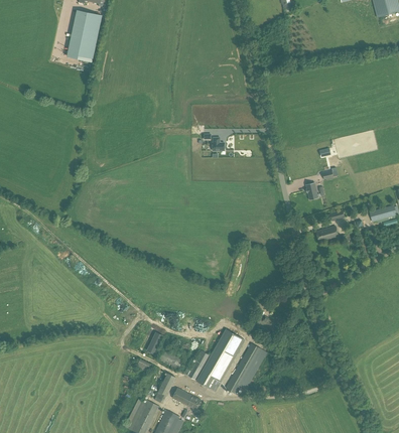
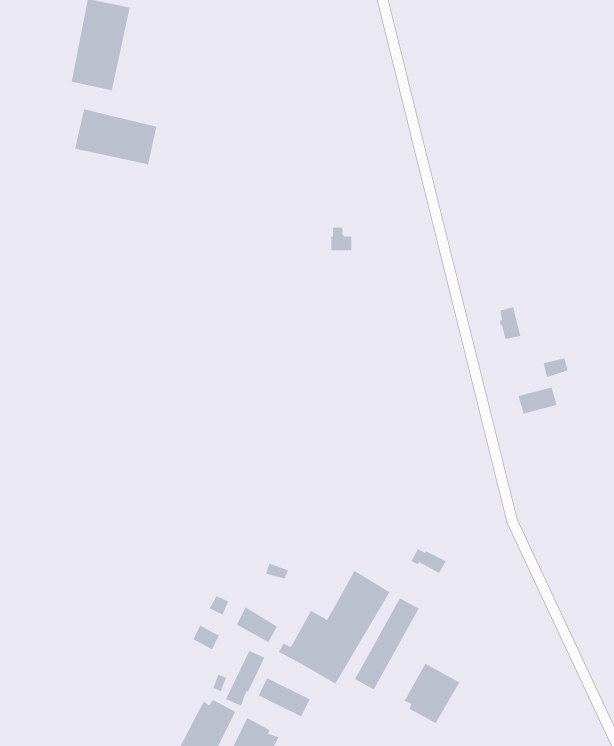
building: none -> [75,108,157,165]
building: none -> [404,663,460,724]

